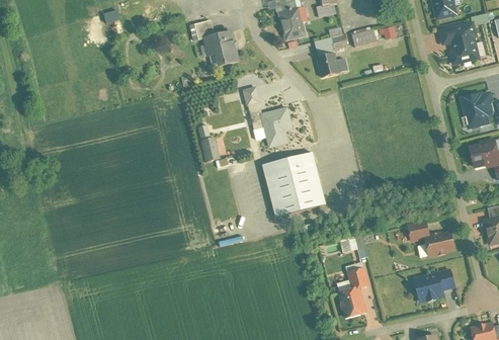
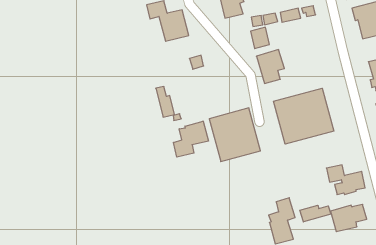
building: [260,105,295,147] -> [256,50,284,83]
building: none -> [274,88,334,144]
building: none -> [173,121,208,157]
building: none -> [300,205,331,222]

